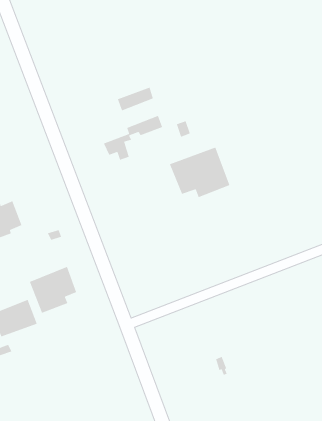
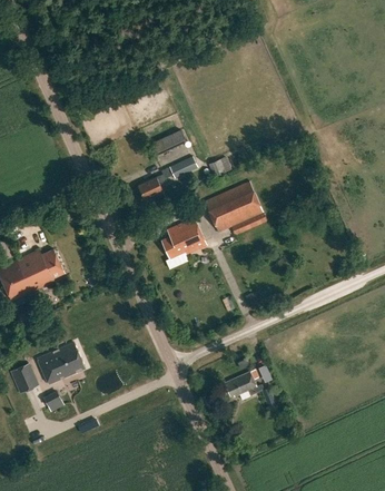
building: none -> [161,219,206,258]
building: [29,266,77,314] -> none
building: none -> [225,369,258,395]

